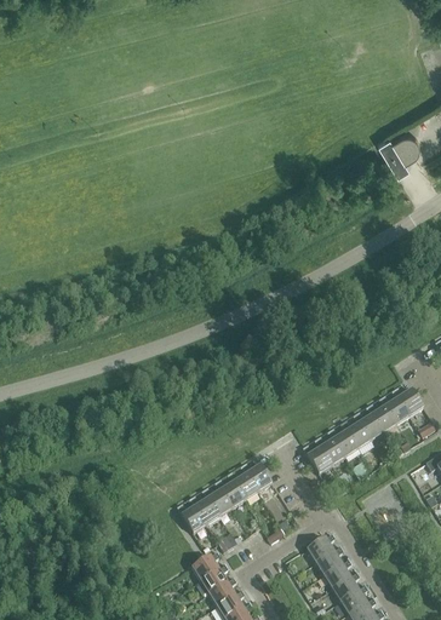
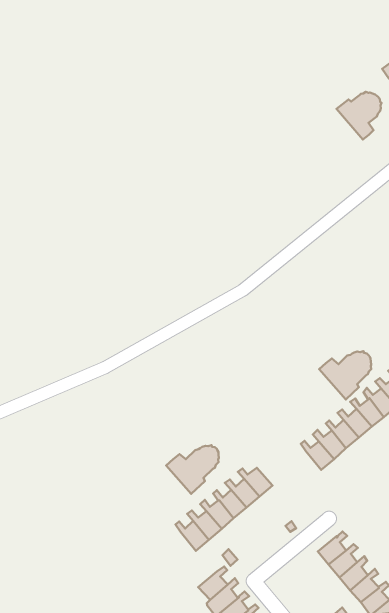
building: none -> [319,351,371,400]
building: none -> [166,445,219,494]

